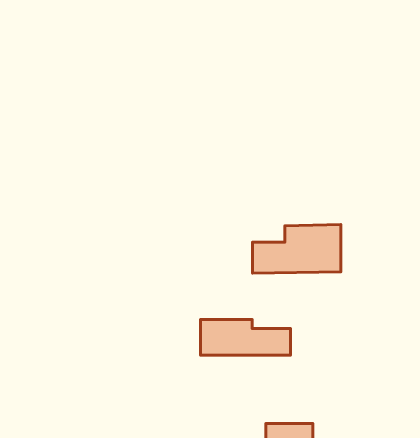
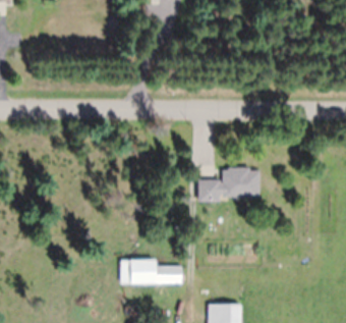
building: [200,320,290,355] -> [120,260,182,284]

